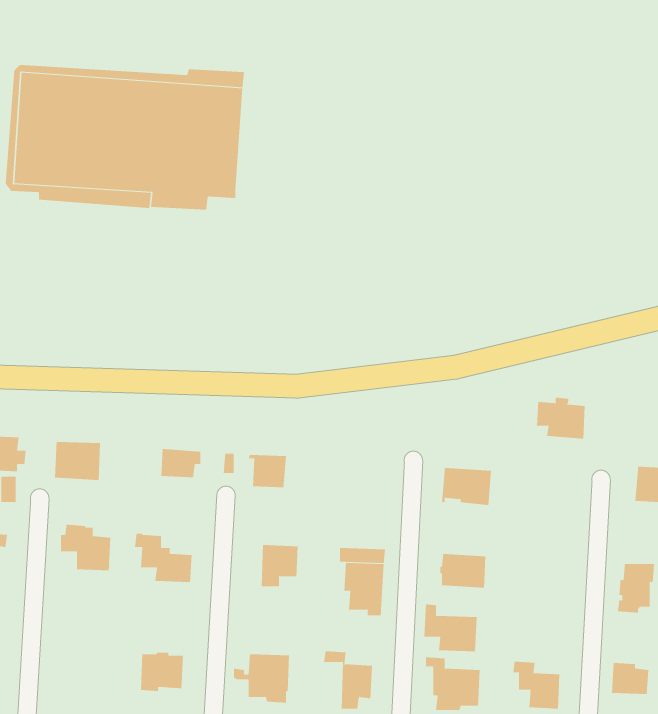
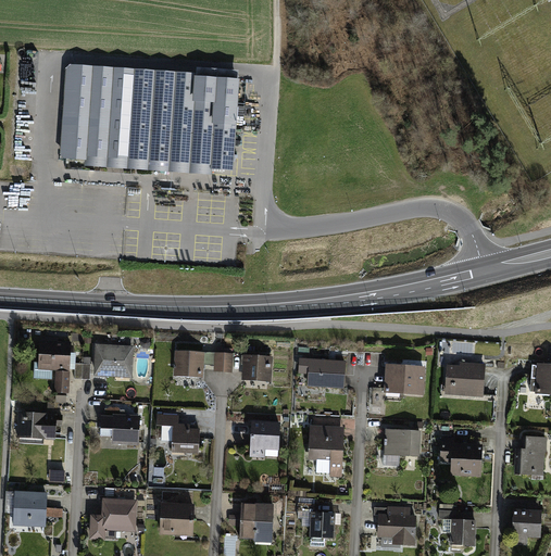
building: [536,397,586,439] -> [446,363,483,394]
building: none -> [308,359,343,386]
building: [424,604,477,652] -> [440,437,480,472]
building: none -> [90,500,134,536]

